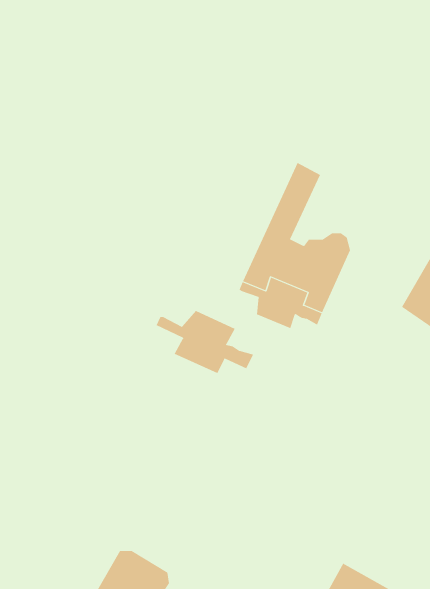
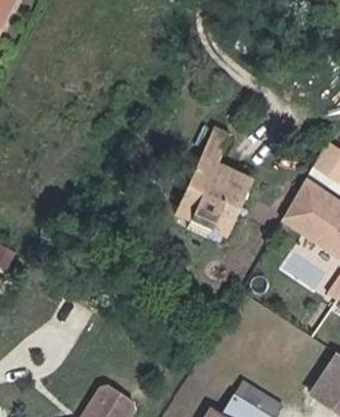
building: [156,310,254,374] -> none

